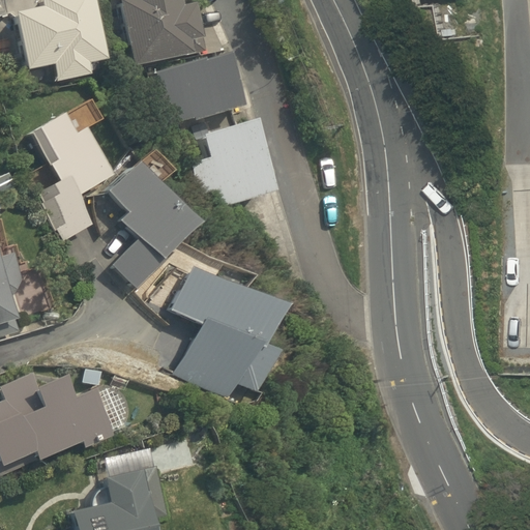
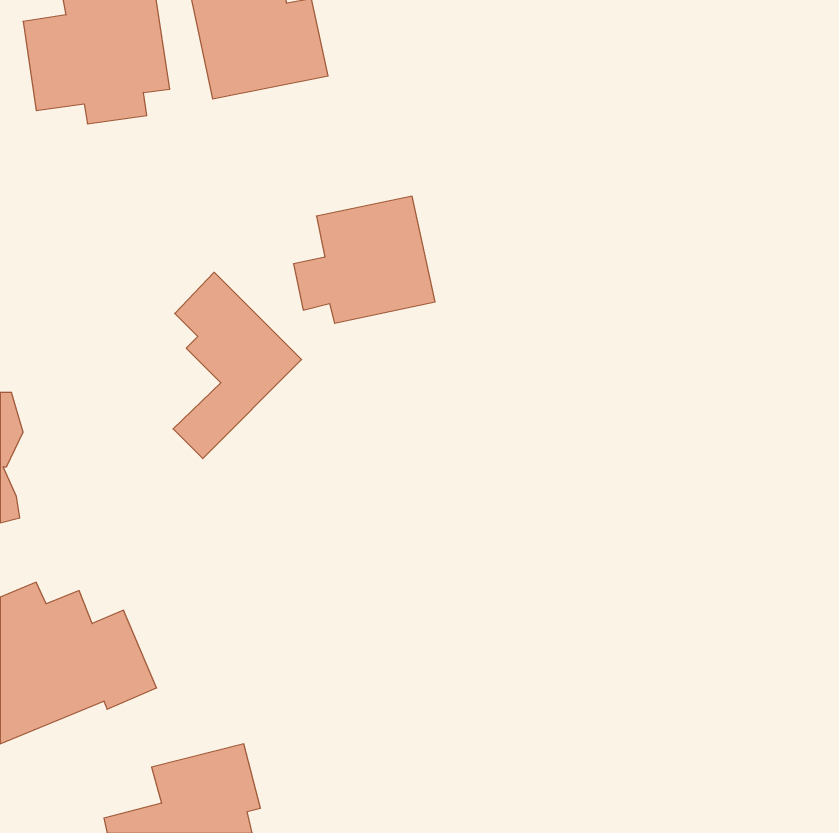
building: [155,52,243,127] -> none
building: [30,112,116,235] -> none
building: [172,266,289,395] -> none

